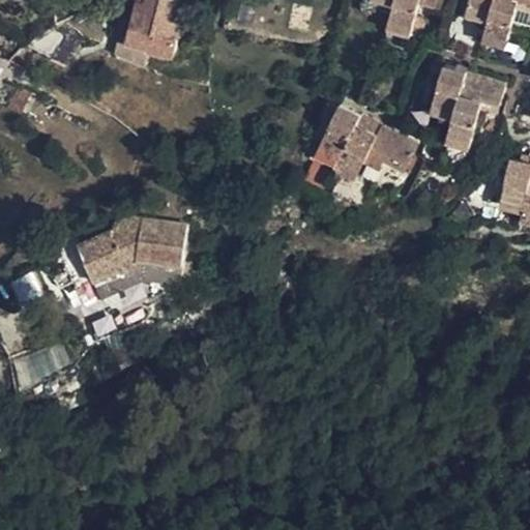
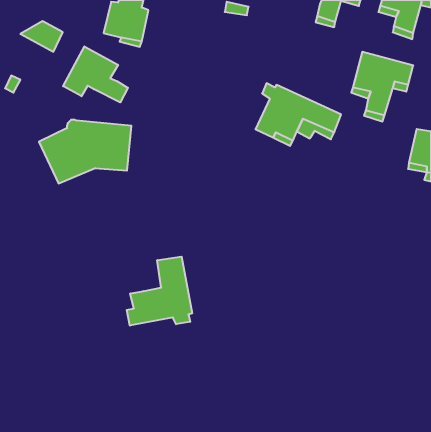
building: none -> [63,46,128,102]
building: [79,217,192,295] -> [39,120,131,183]
building: none -> [127,257,192,326]

